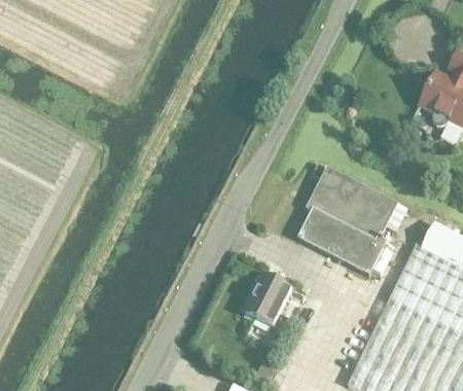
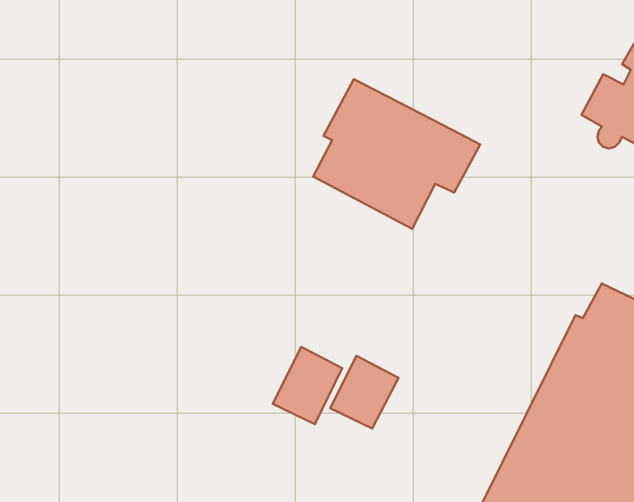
building: [298,168,417,274] -> [313,79,480,229]
building: none -> [273,347,342,424]

